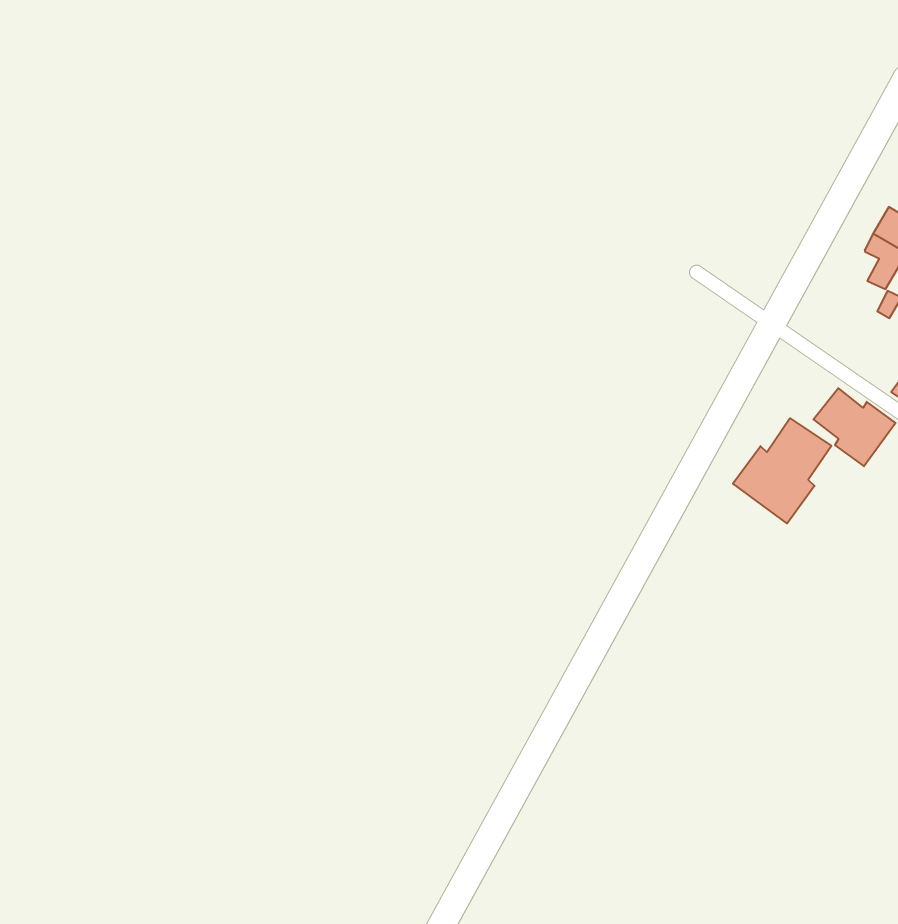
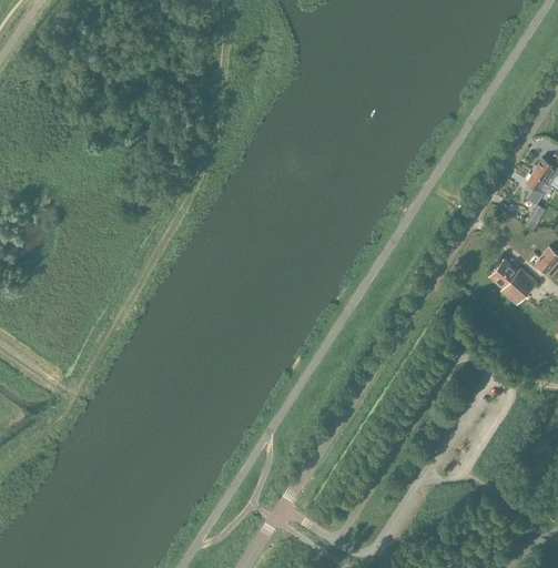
building: [733,418,831,523] -> none

